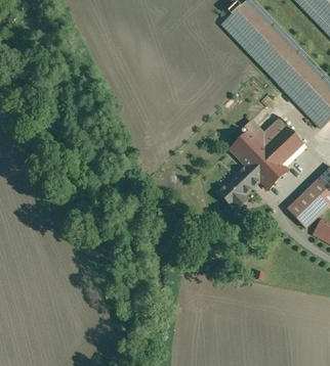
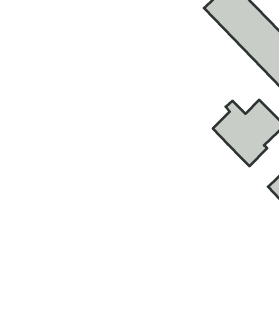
building: [216,165,258,210] -> none

